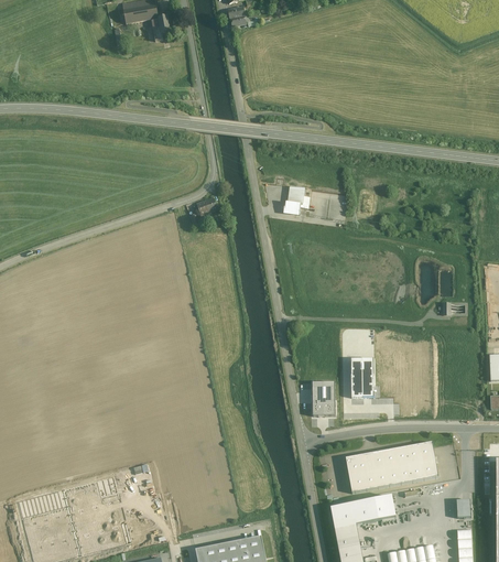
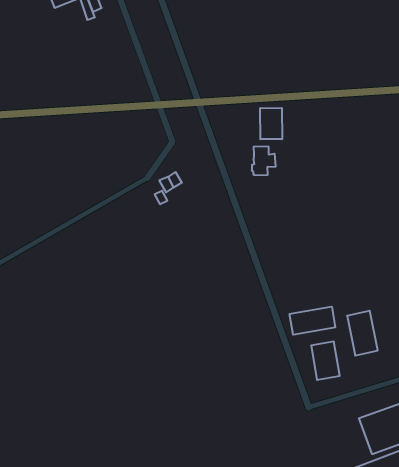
building: none -> [260,108,282,139]
building: none -> [290,307,335,335]

